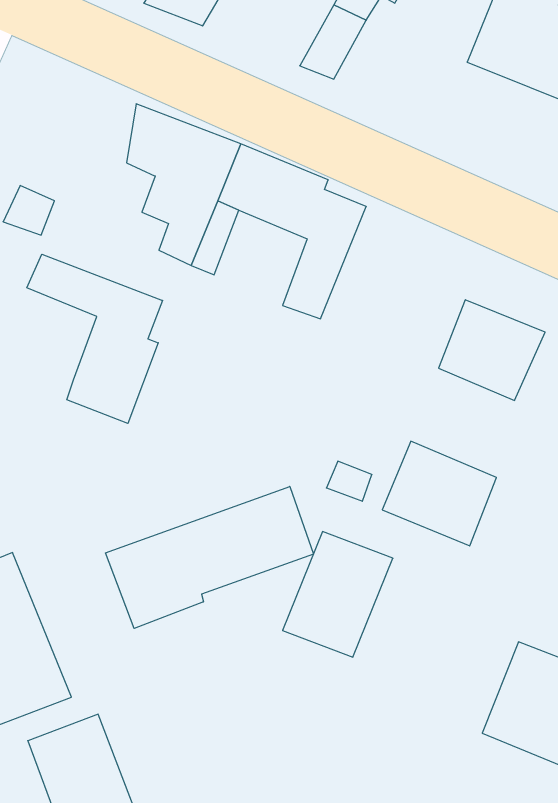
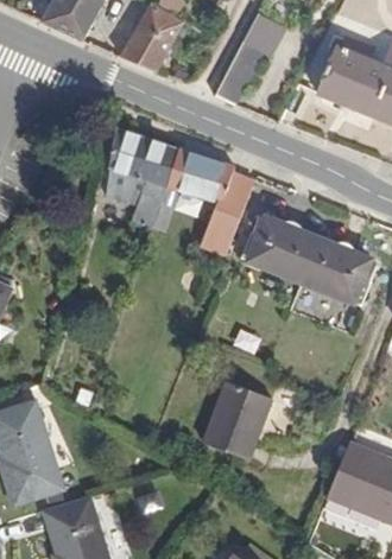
building: [27,254,163,423] -> none
building: [382,441,496,546] -> [244,216,315,281]
building: [105,486,313,628] -> none

